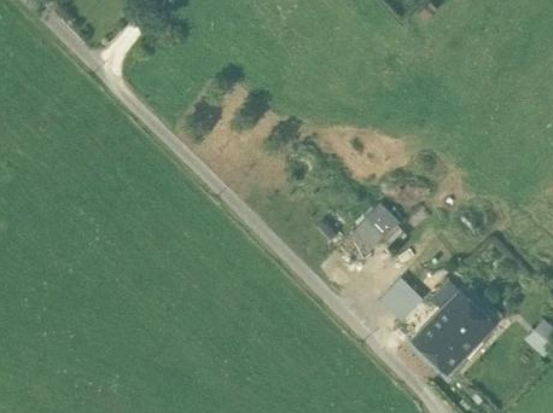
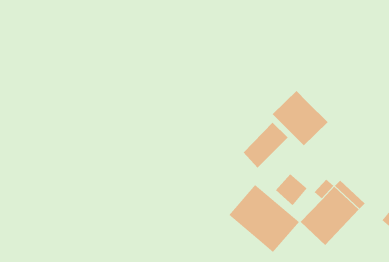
building: none -> [272,90,328,146]
building: none -> [228,184,300,253]

